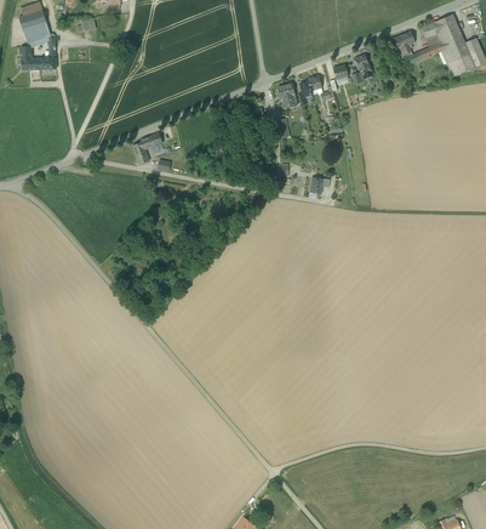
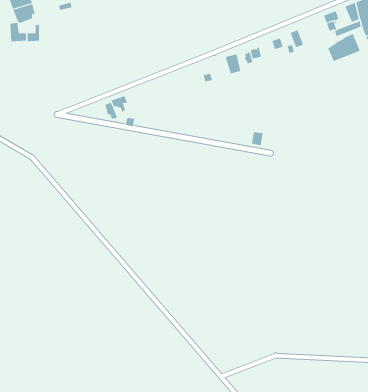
building: none -> [328,33,361,62]

